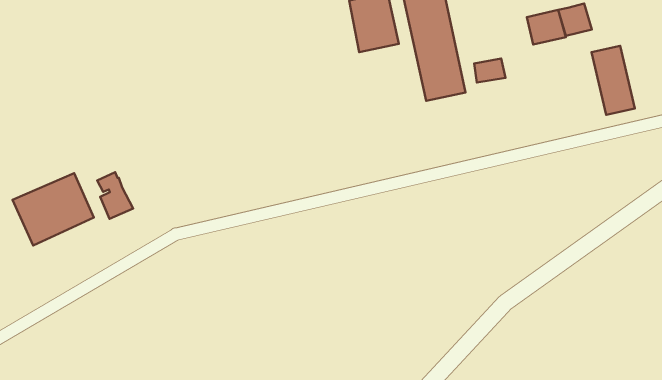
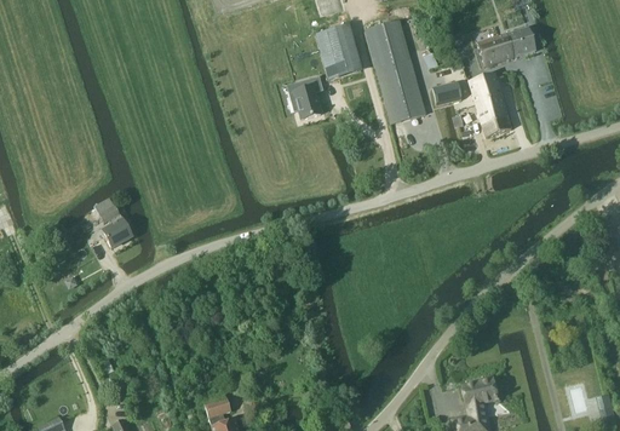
building: none -> [292,75,321,119]
building: [591,46,635,115] -> [467,73,510,136]
building: [13,173,94,246] -> none

